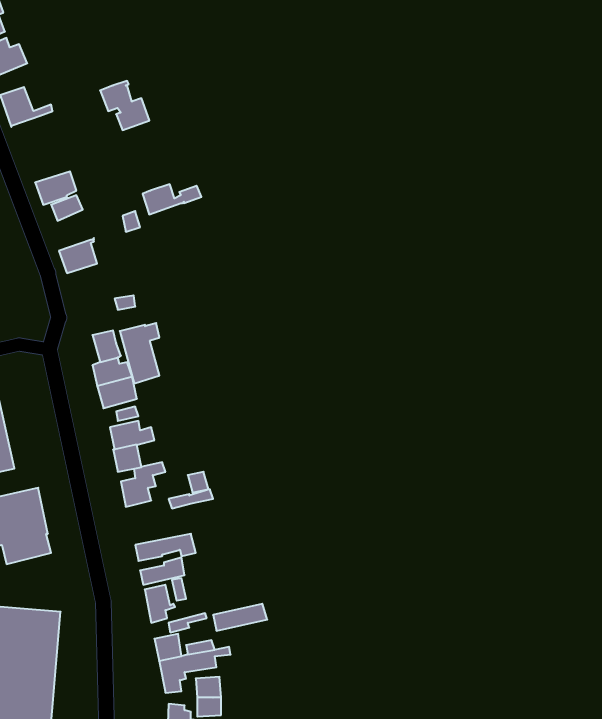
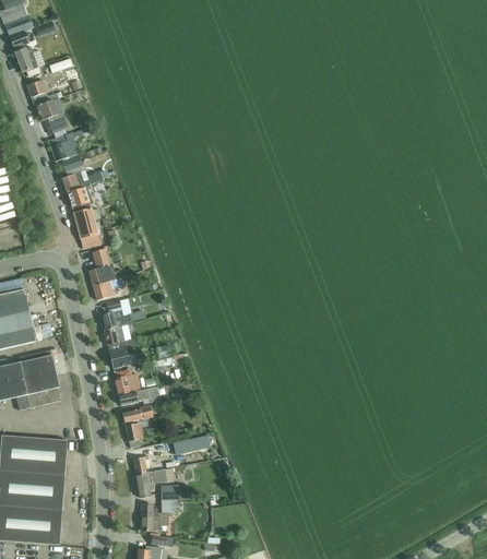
building: [100,81,149,130] -> [35,99,69,133]
building: [143,184,201,214] -> [62,171,103,192]
building: [120,323,159,384] -> [73,207,100,249]
building: none -> [115,369,141,394]

